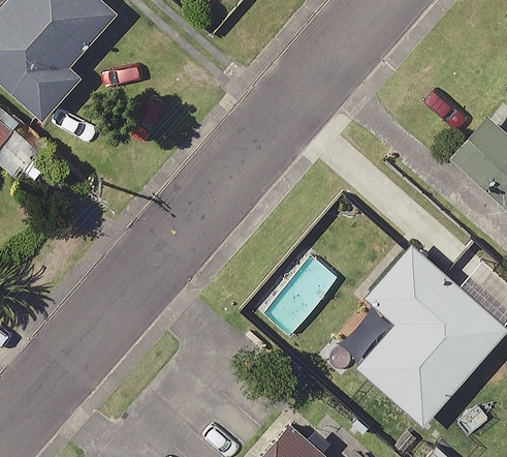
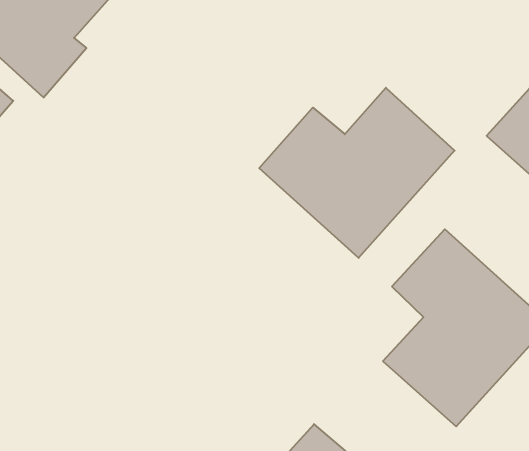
building: none -> [259,88,455,258]

